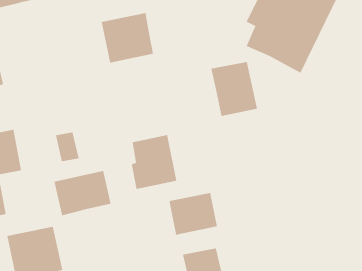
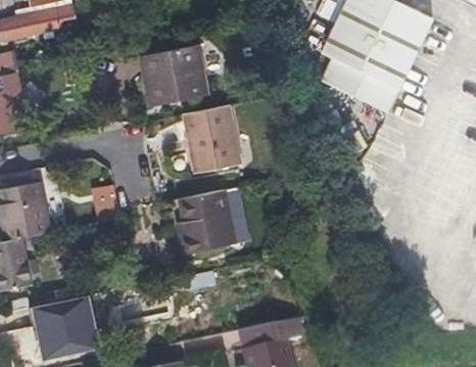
building: [211,62,258,117] -> [187,103,243,169]
building: [54,170,111,216] -> none
building: [169,192,218,236] -> none

